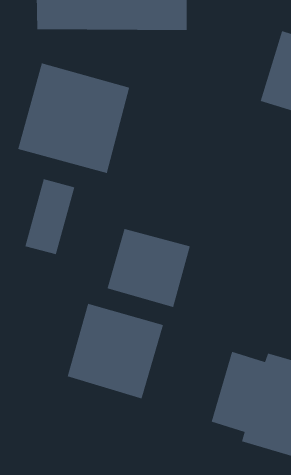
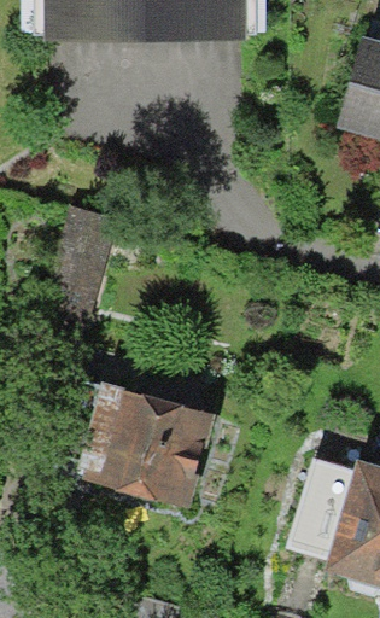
building: [17,63,130,174] -> none
building: [107,228,191,308] -> none

